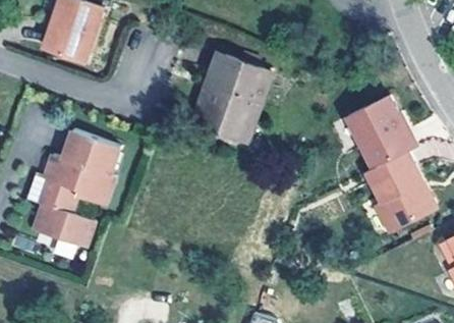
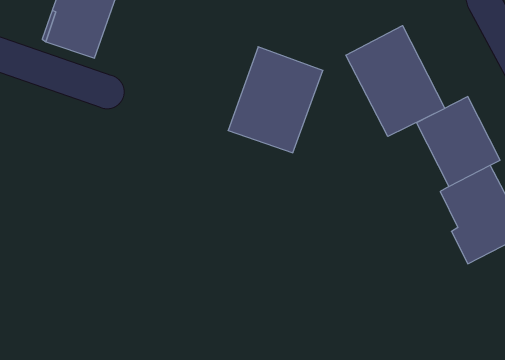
building: none -> [346,26,445,136]
building: [29,128,122,249] -> none

